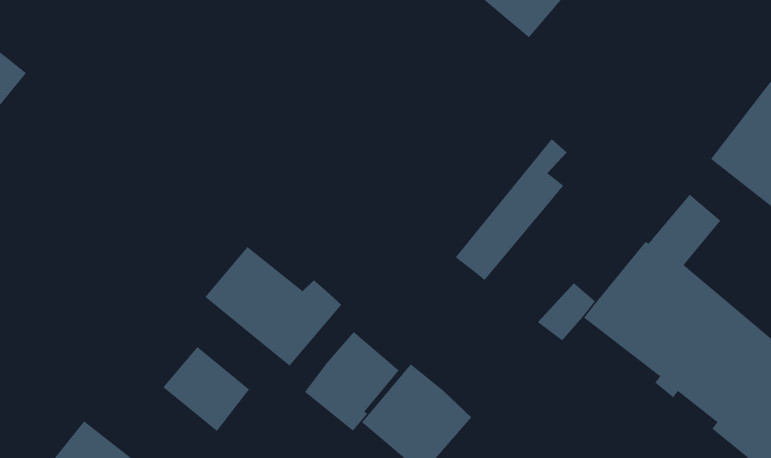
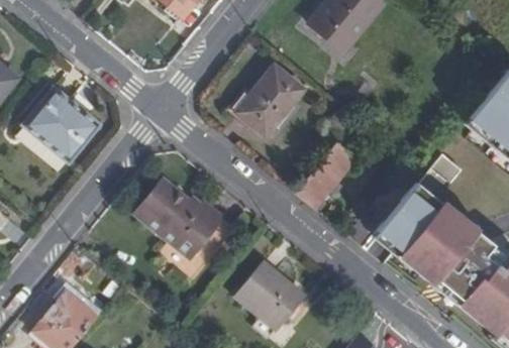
building: none -> [233,65,302,135]
building: none -> [22,81,101,157]
building: [304,331,400,432] -> none
building: [163,346,250,432] -> none

